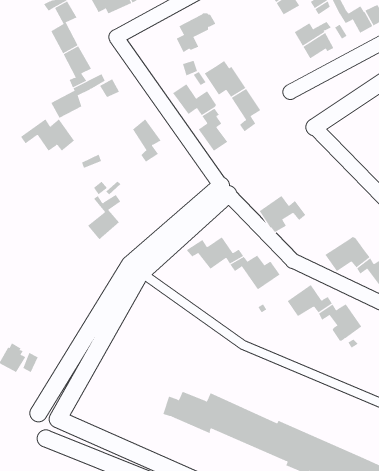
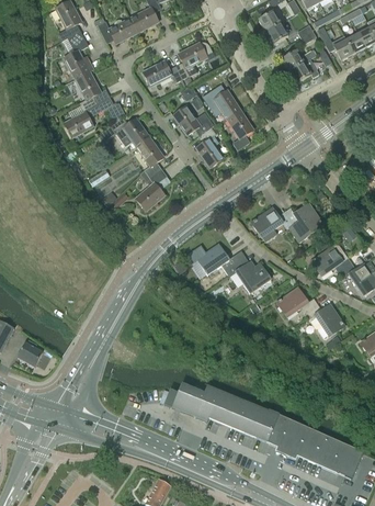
building: none -> [143,60,183,86]
building: [20,119,75,151] -> [100,117,149,147]
building: none -> [284,202,323,243]
building: [87,194,121,240] -> [135,169,166,211]

